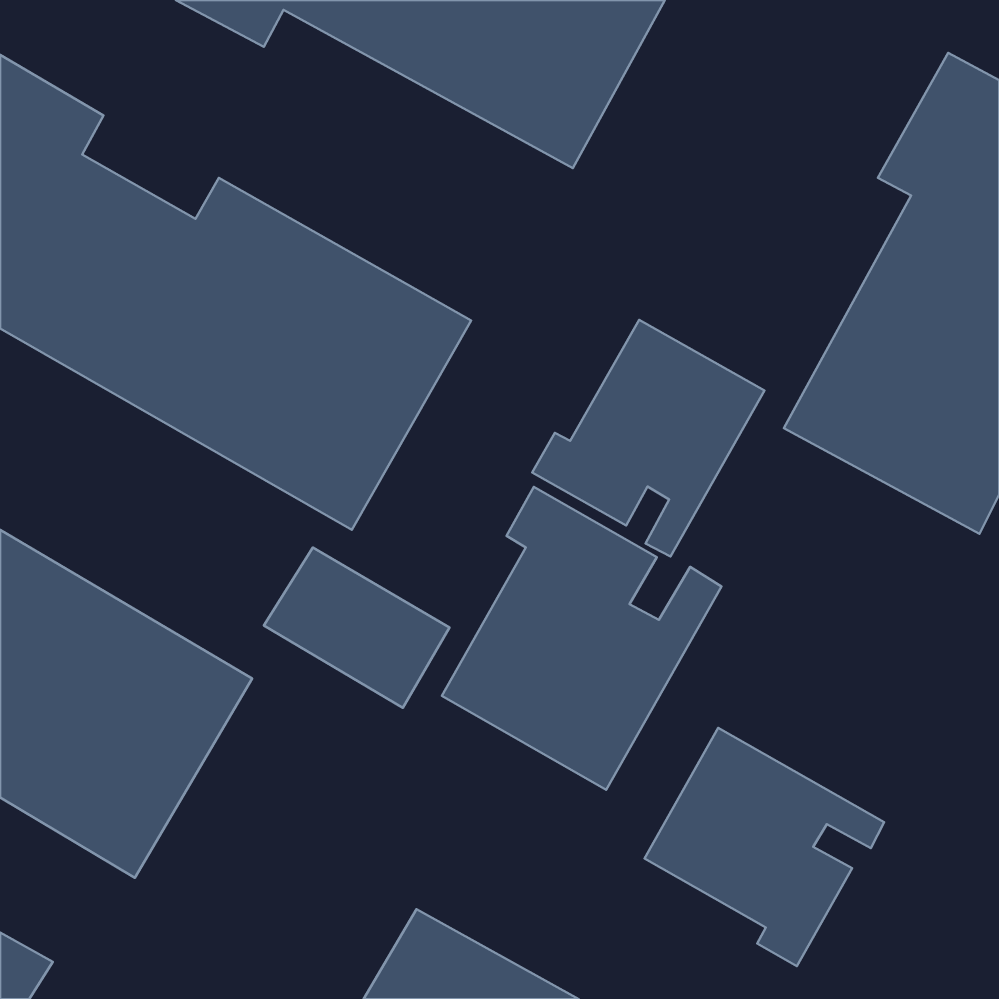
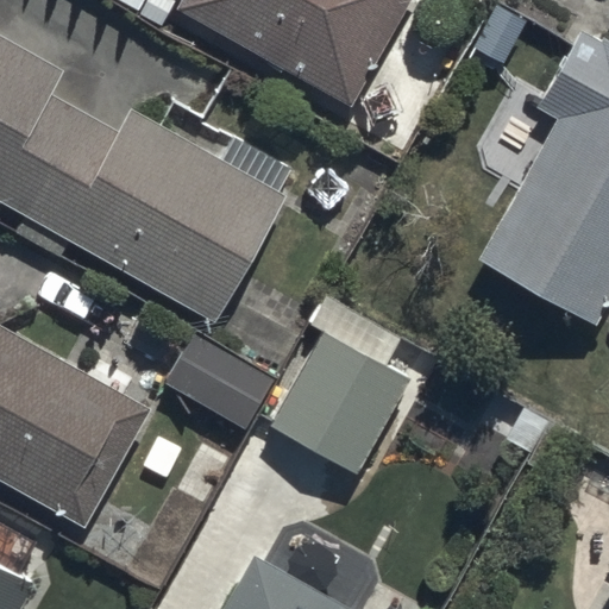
building: [532,320,765,556] -> none
building: [645,728,884,966] -> none

